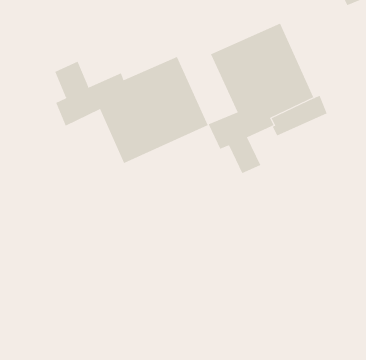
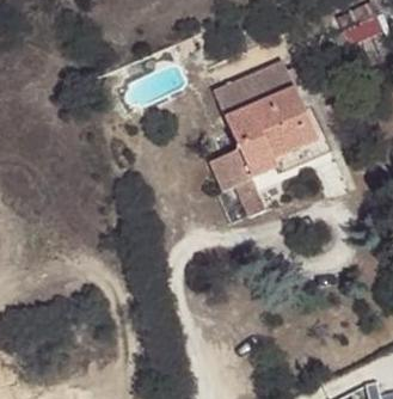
building: [55,56,208,164] -> none

